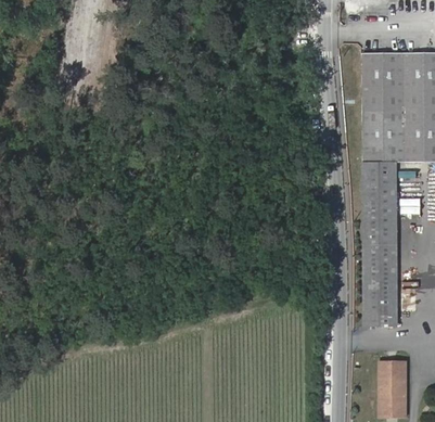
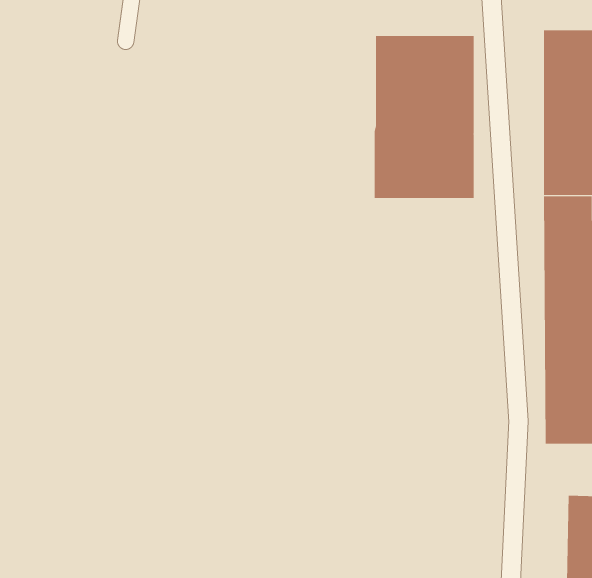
building: none -> [374,35,474,199]

